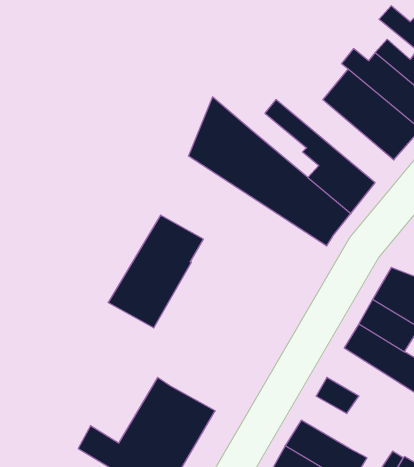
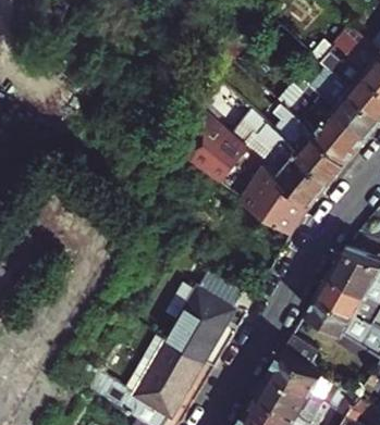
building: none -> [271,108,348,178]
building: [108,215,203,328] -> [167,272,244,363]
building: none -> [273,351,324,393]

